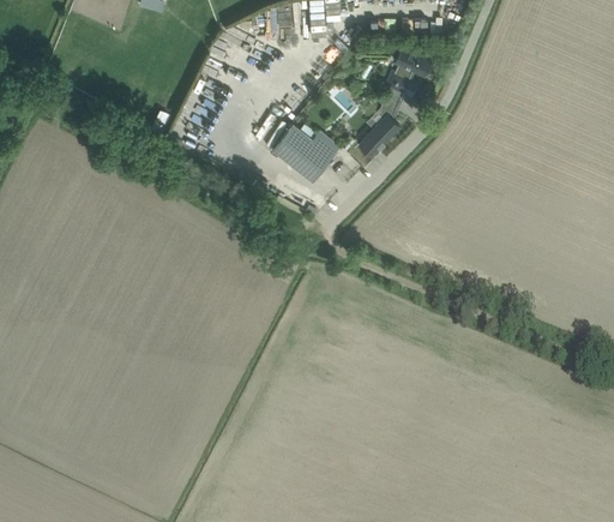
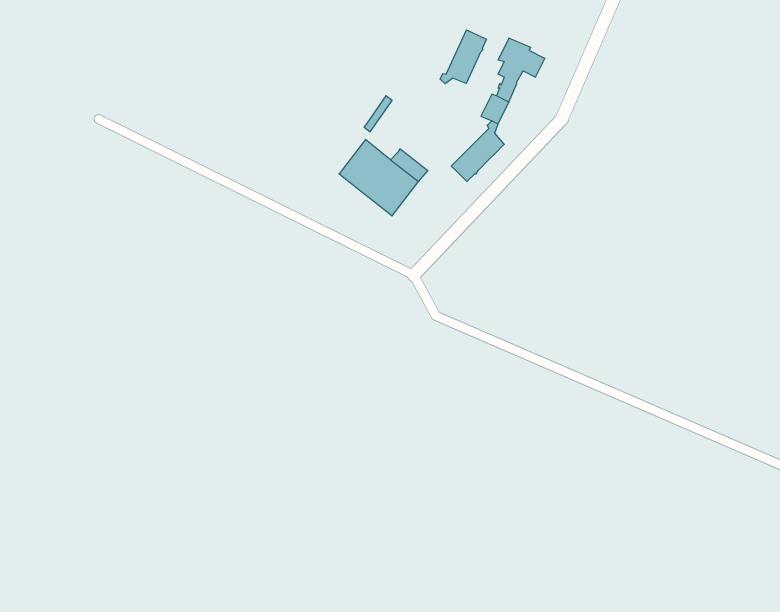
building: none -> [440,30,487,84]

